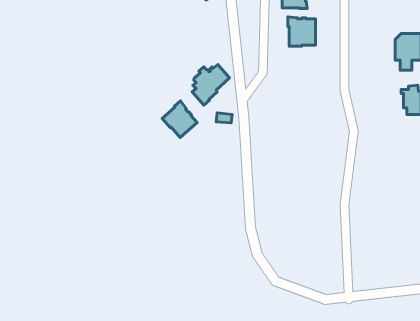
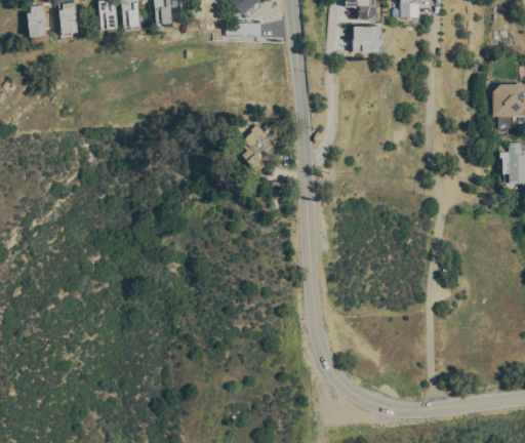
building: [288,17,315,46] -> none
building: [162,101,197,137] -> none

